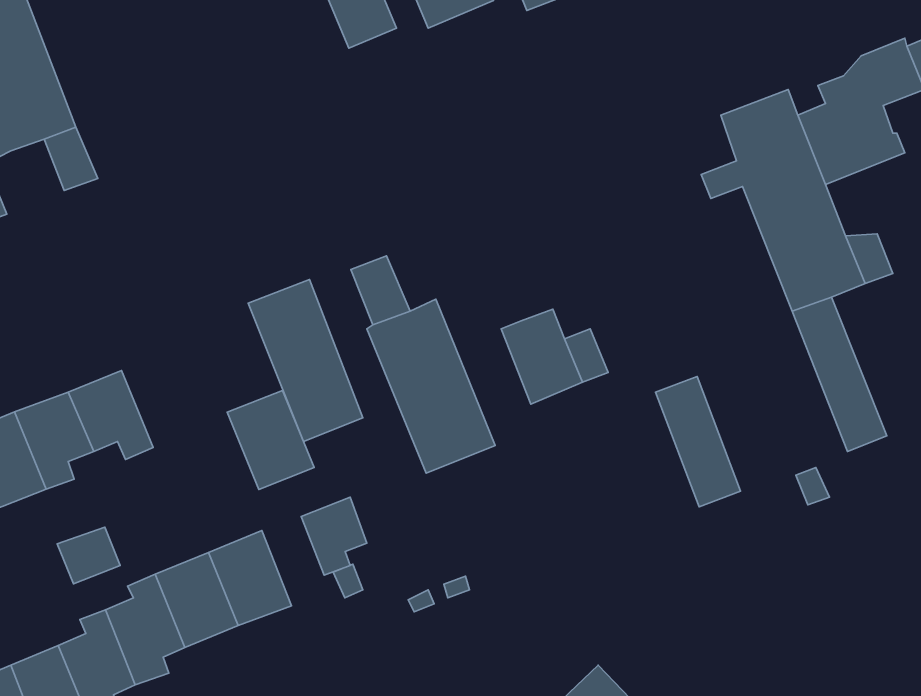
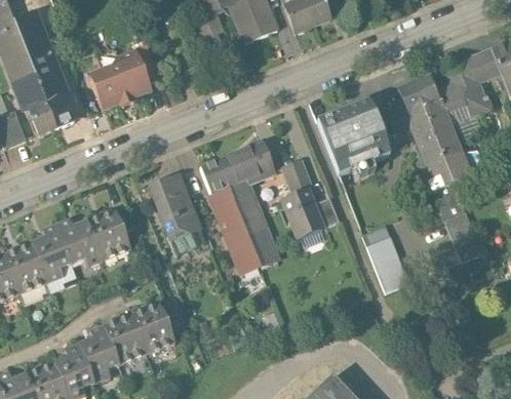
building: none -> [86,48,150,108]
building: none -> [28,99,55,133]
building: none -> [316,101,380,167]
building: none -> [223,143,276,189]
building: none -> [281,159,312,194]
building: [227,390,314,489] -> [85,208,130,260]
building: [301,497,367,575] -> none
building: [57,527,120,584] -> none

